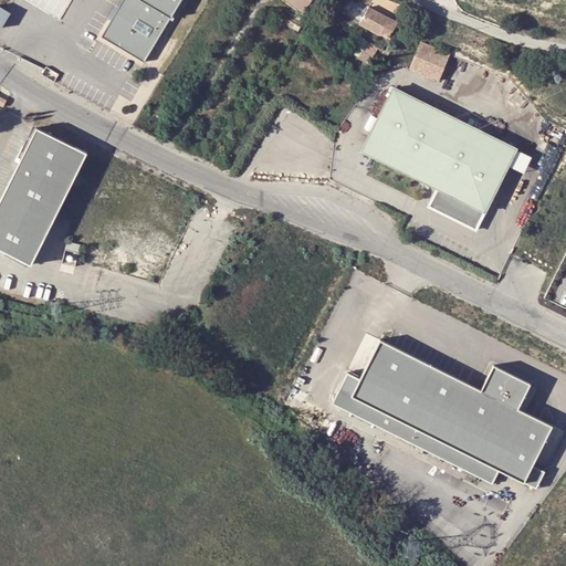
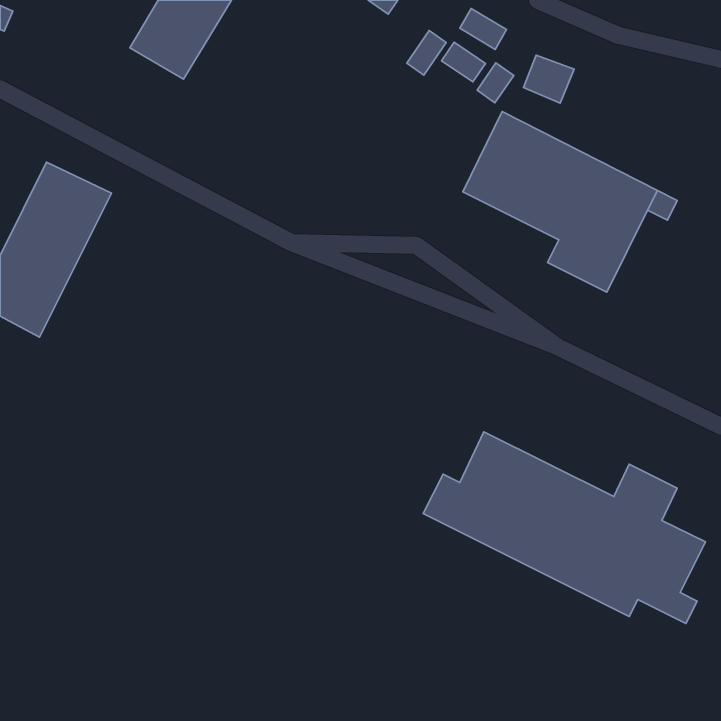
building: none -> [407,30,446,75]
building: none -> [477,63,514,103]

